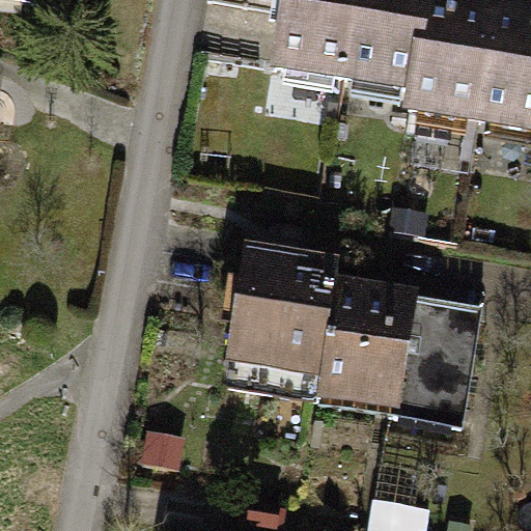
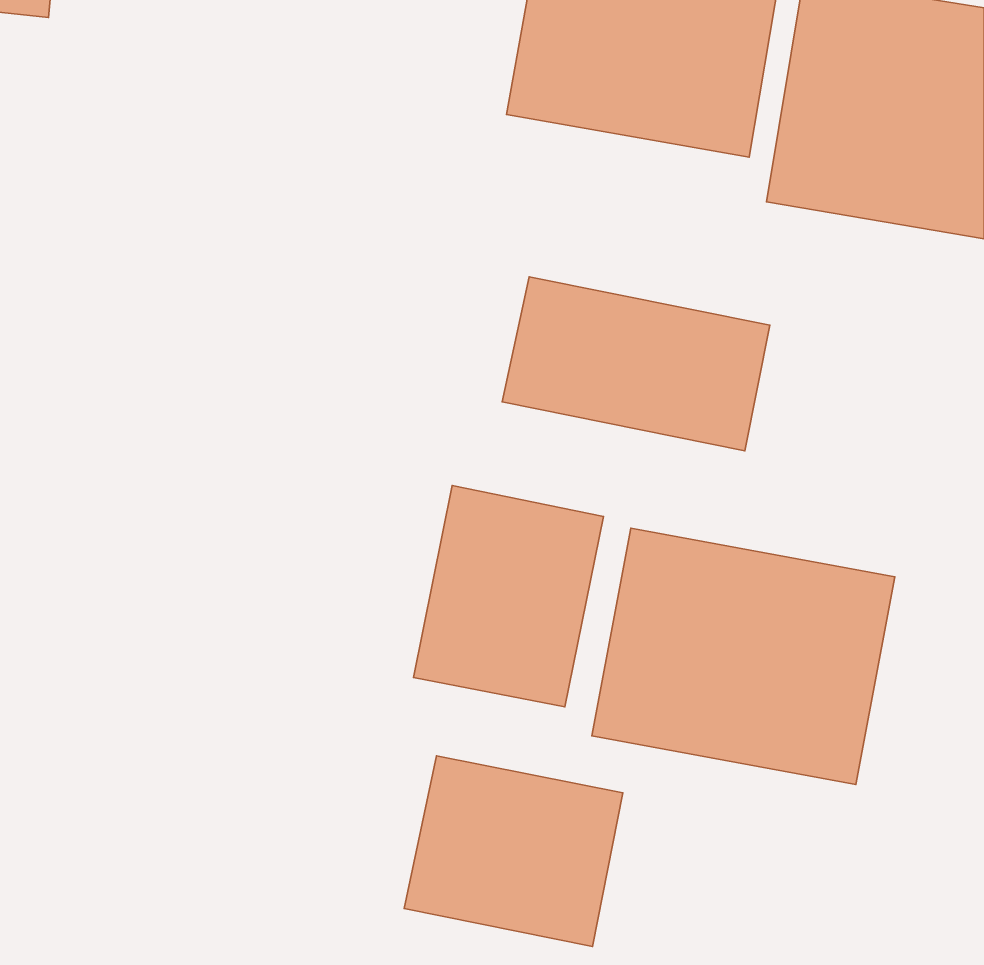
building: none -> [502,277,770,451]
building: none -> [404,756,623,947]

